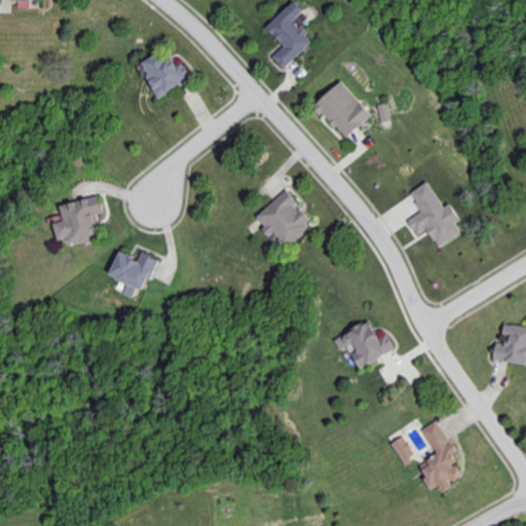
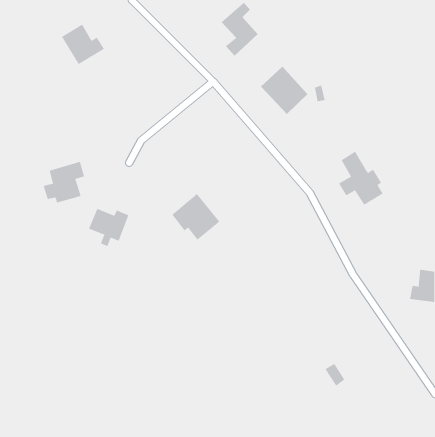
building: [138,48,190,98] -> [61,24,105,65]
building: [253,192,311,249] -> [171,193,220,240]
building: [333,321,393,369] -> none
building: [417,421,459,492] -> none

